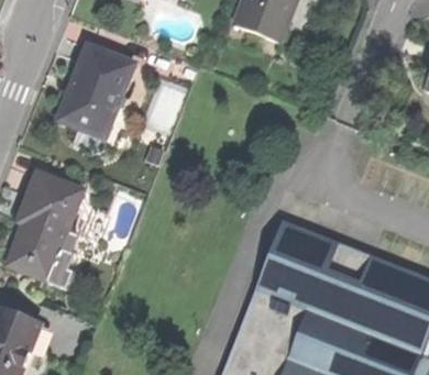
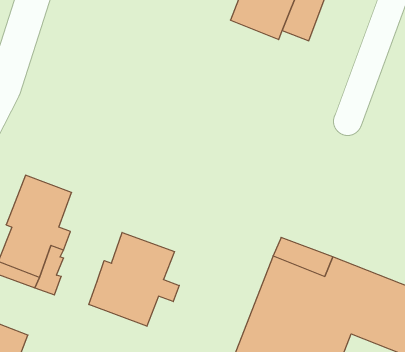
building: [57,44,132,136] -> none
building: none -> [89,232,179,326]

